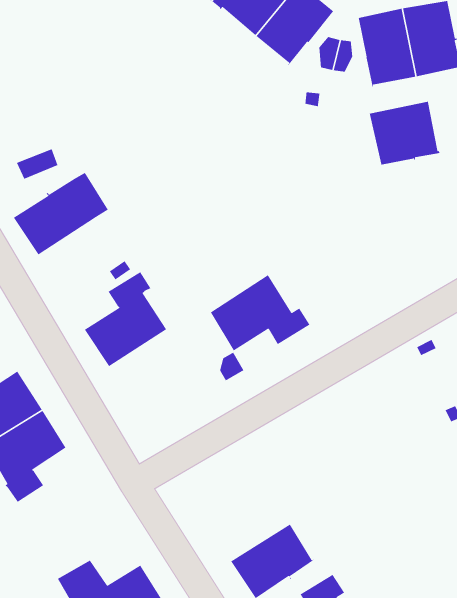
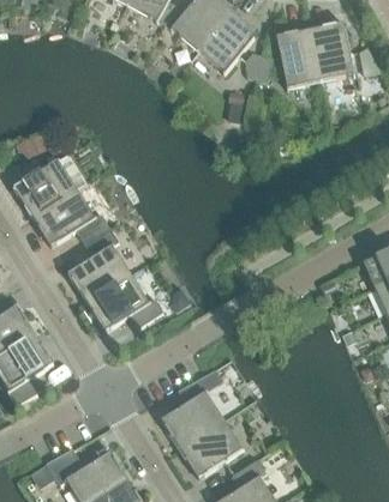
building: [369,101,441,166] -> none
building: none -> [31,188,96,247]
building: [210,274,311,352] -> [85,273,162,332]
building: none -> [160,370,223,449]

